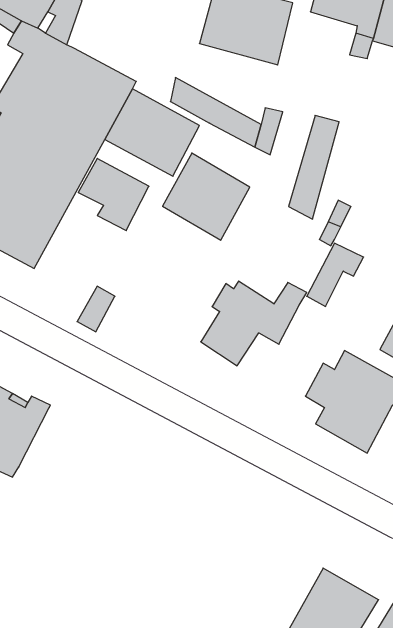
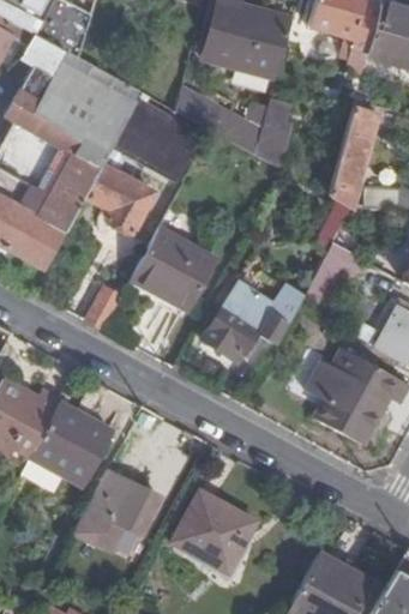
building: [289,115,339,219] -> [327,108,375,206]
building: [163,153,250,240] -> [132,229,215,312]
building: none -> [31,402,113,486]
building: none -> [76,471,161,550]
building: none -> [173,488,257,571]

